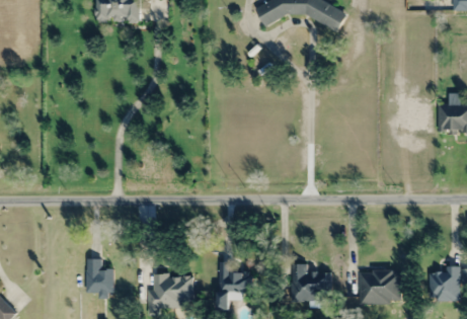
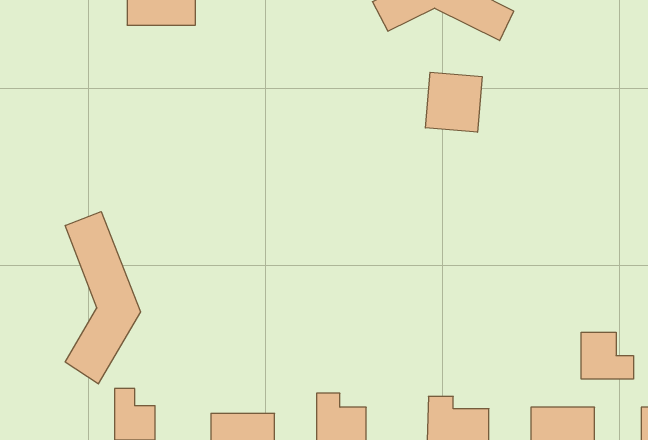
building: none -> [425,72,482,132]
building: none -> [65,212,141,384]
building: none -> [581,332,633,379]

